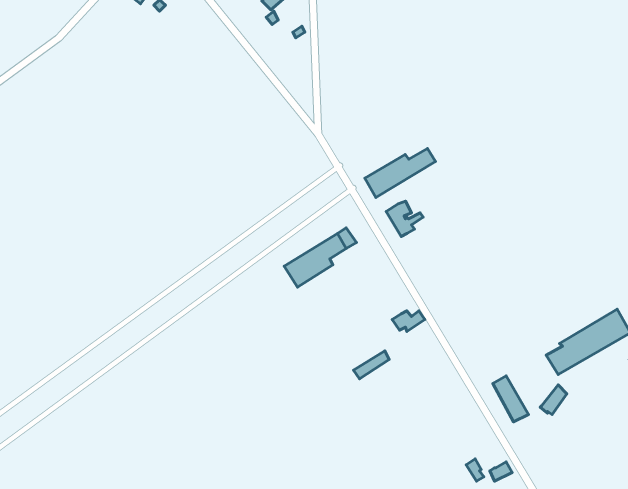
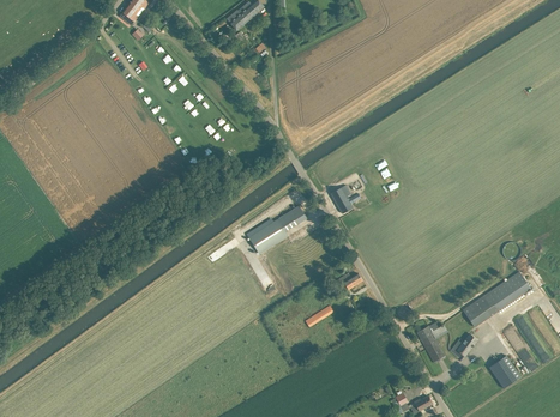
building: [365,148,436,197] -> none
building: none -> [489,355,520,387]

